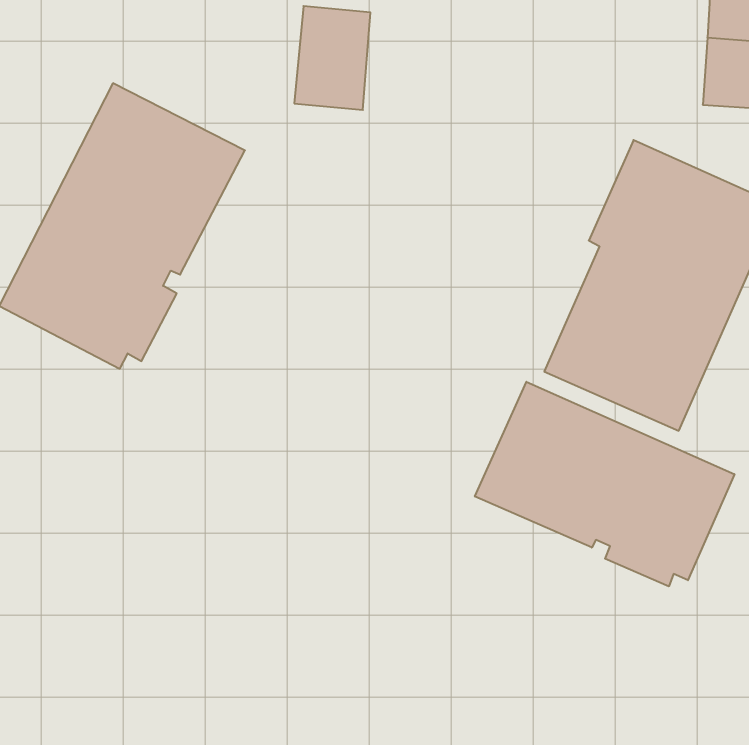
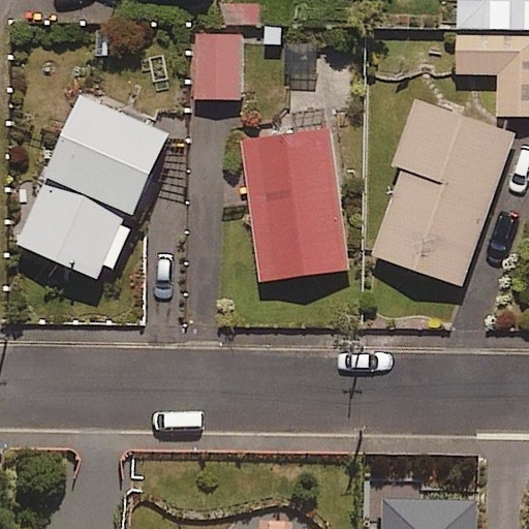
building: none -> [237,119,345,279]
building: [475,382,734,586] -> none

